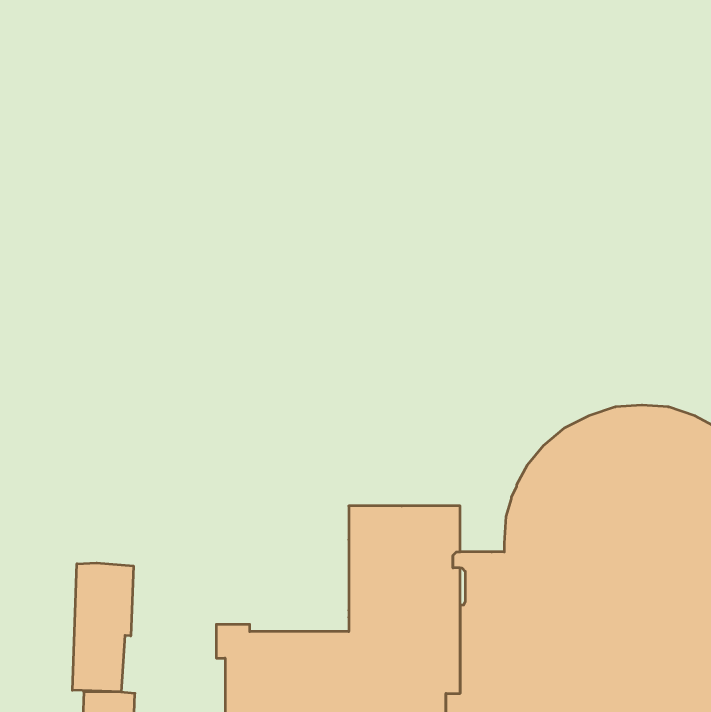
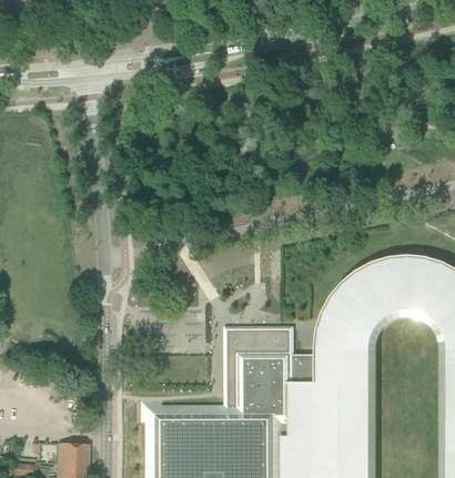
building: [72,563,133,692] -> none

